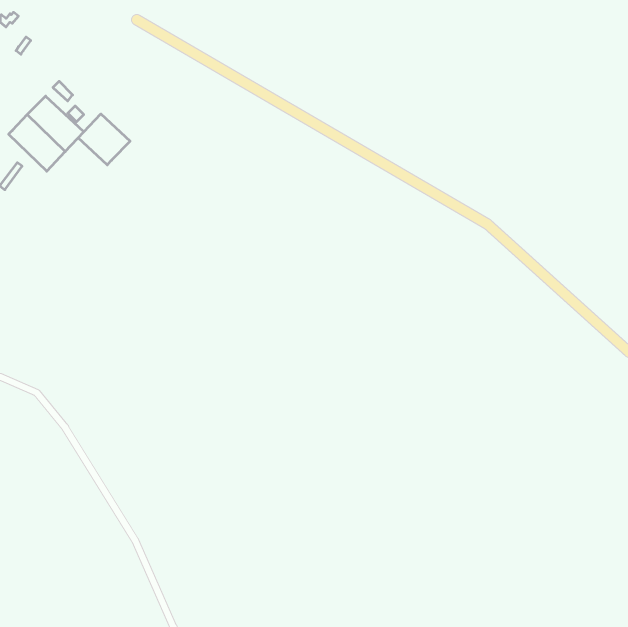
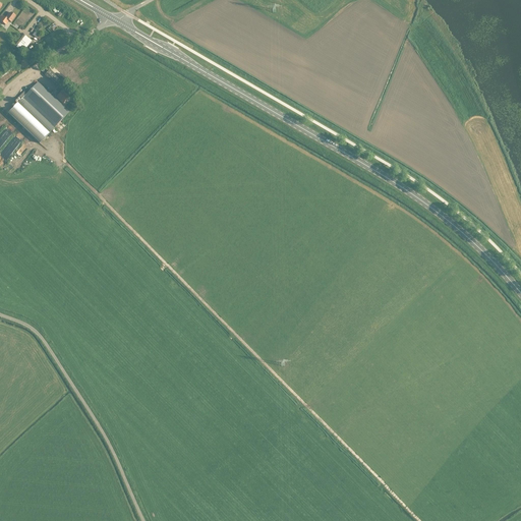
building: [78,114,130,165] -> none

